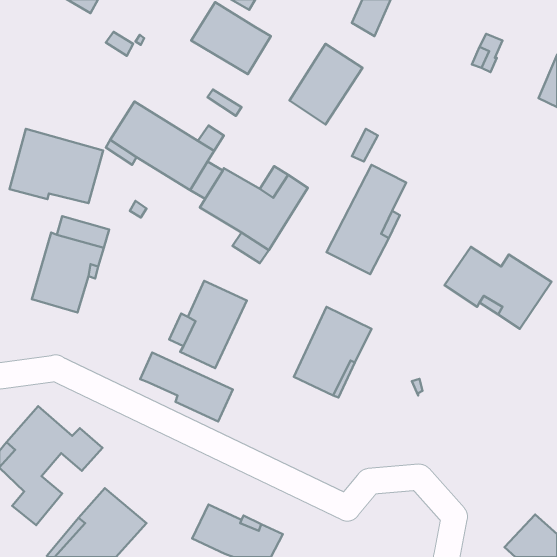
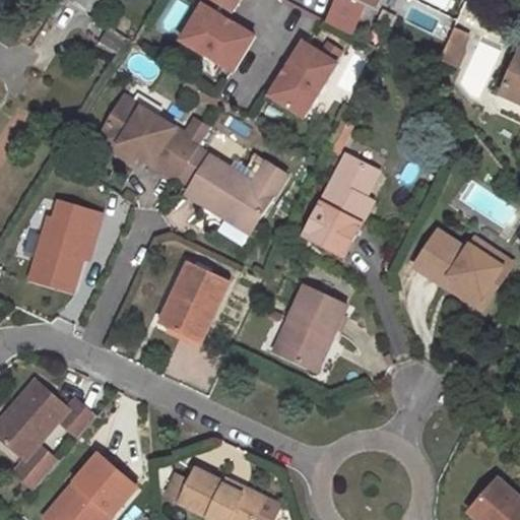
building: [10,129,103,203] -> none
building: [140,352,233,422] -> none

